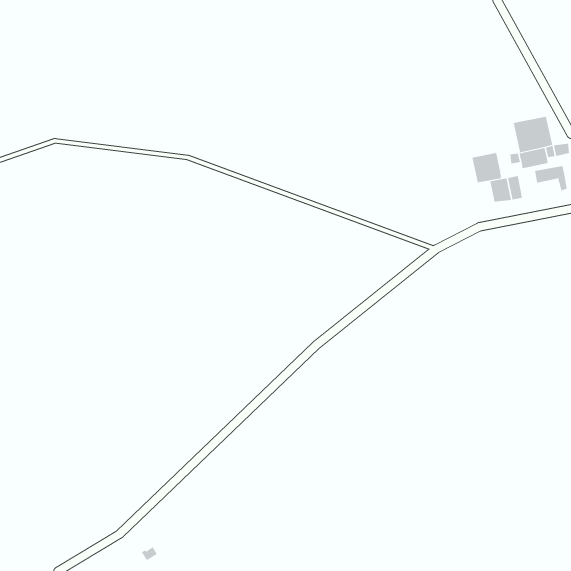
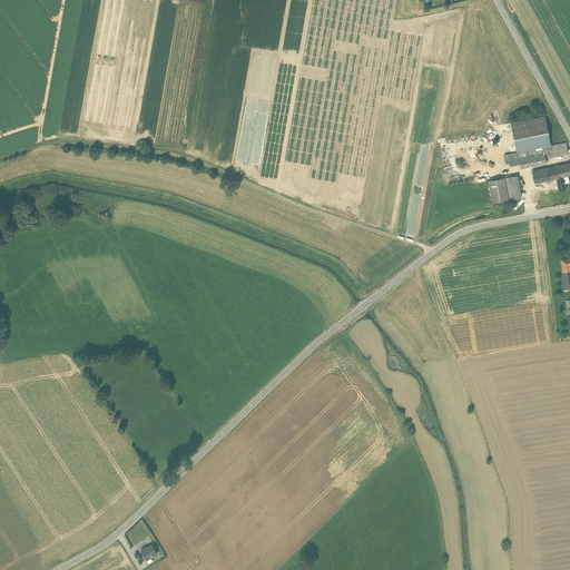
building: [472,152,502,183] -> none

